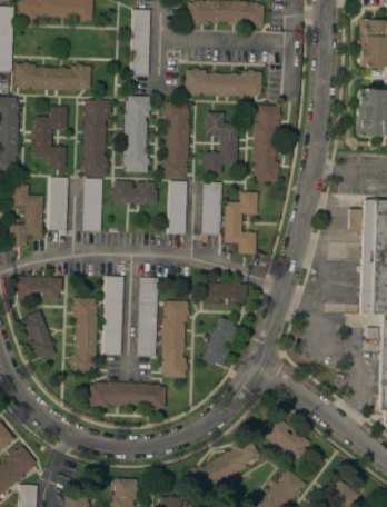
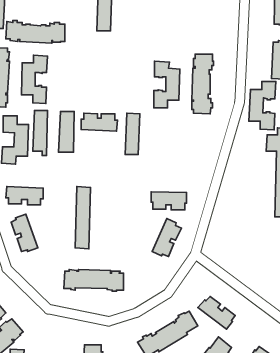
building: [185,68,260,97] -> none
building: [122,96,150,172] -> none
building: [81,100,110,177] -> none
building: [160,102,188,179] -> none
building: [200,182,220,236] -> none
building: [222,192,257,255] -> [249,82,276,130]
building: [137,278,157,357] -> none
building: [69,298,97,375] -> none
building: [160,300,189,377] -> none

